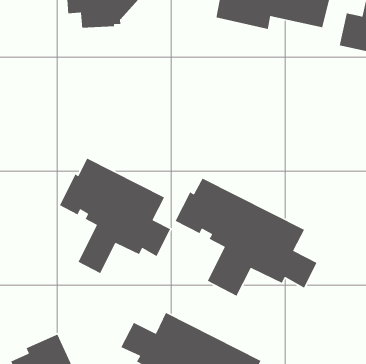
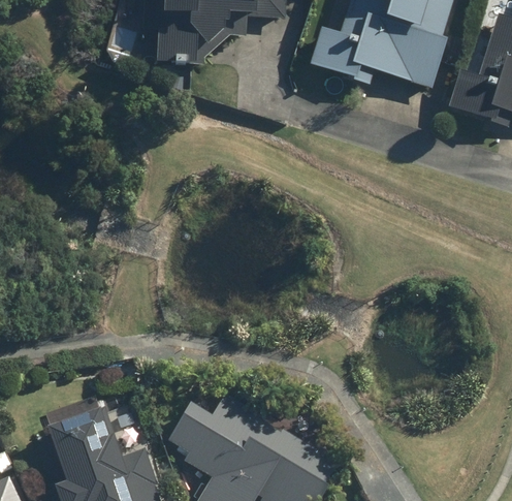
building: [59,158,171,274] -> none
building: [175,177,317,297] -> none

